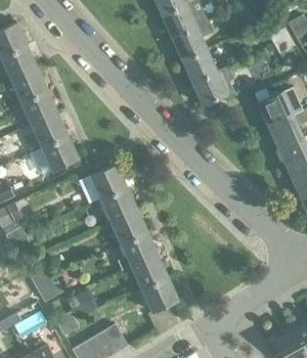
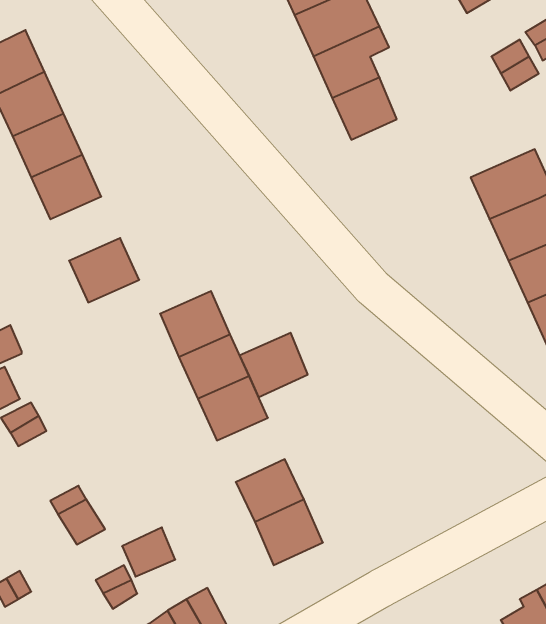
building: [192,65,234,105] -> none
building: [30,113,68,147] -> none
building: [120,232,157,267] -> [240,333,308,397]

